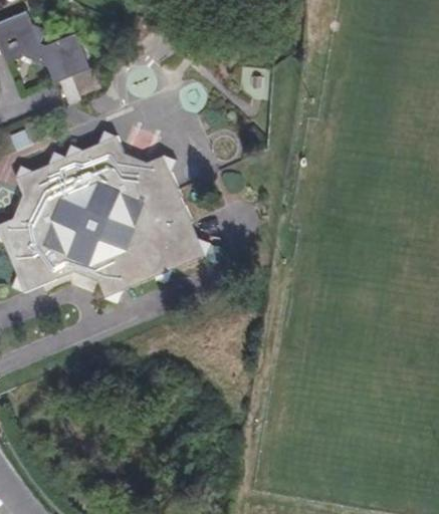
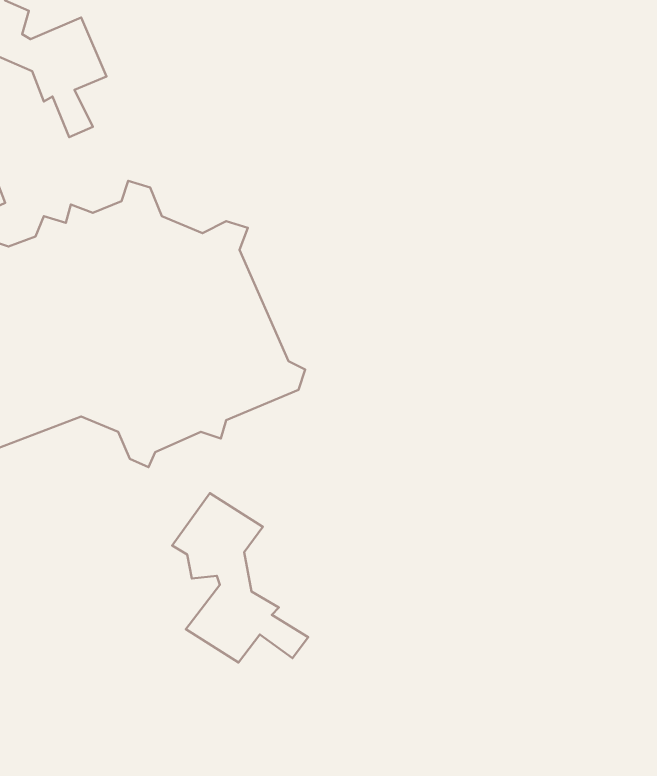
building: none -> [172,493,308,663]

